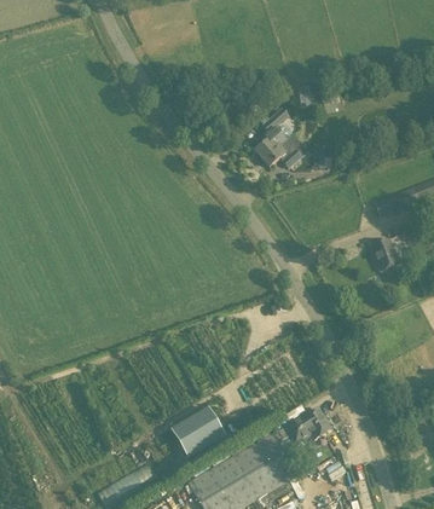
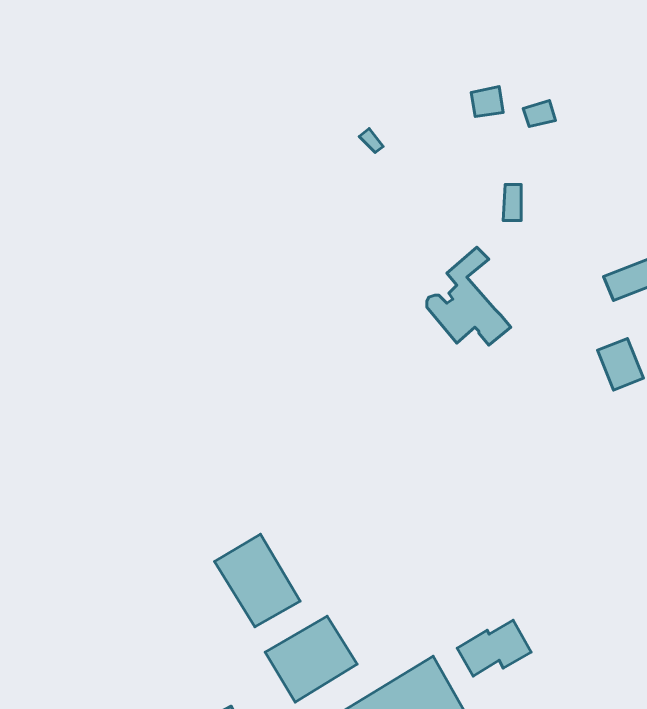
building: [251,109,302,168] -> [427,247,511,345]
building: none -> [215,534,300,627]

